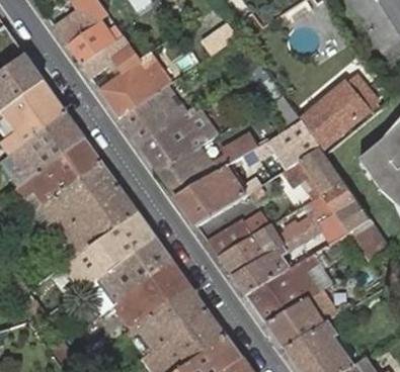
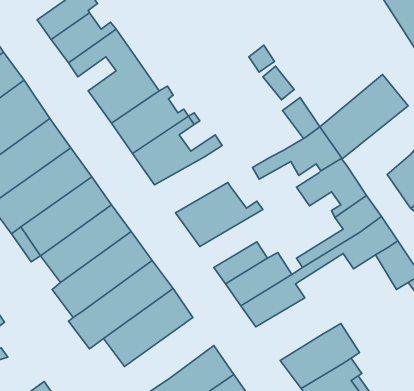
building: [156,132,257,194] -> none
building: [244,253,332,322] -> none
building: [130,285,208,338] -> none

